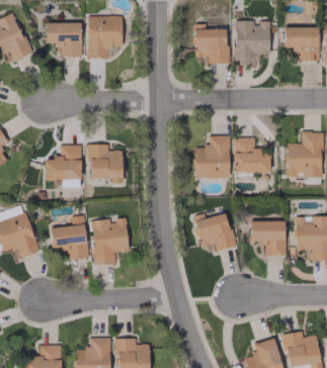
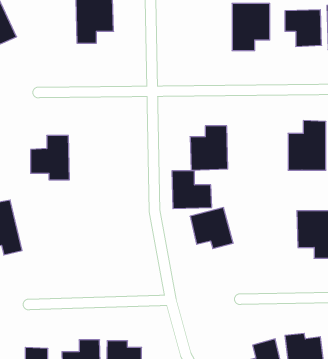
building: [46,22,81,56] -> none
building: [193,23,228,63] -> none
building: [233,136,270,172] -> [172,171,212,209]
building: [88,144,122,182] -> none
building: [50,214,87,259] -> none
building: [90,216,129,265] -> none
building: [249,220,285,255] -> none

